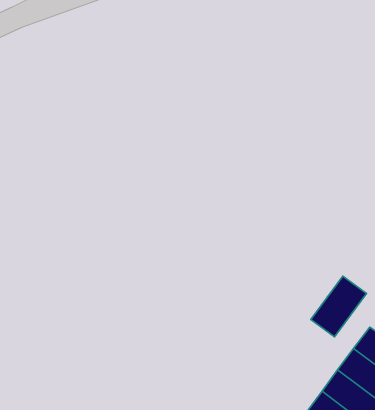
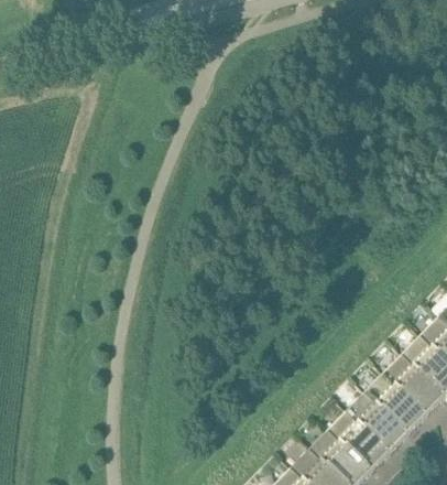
building: [311,276,367,337] -> none

